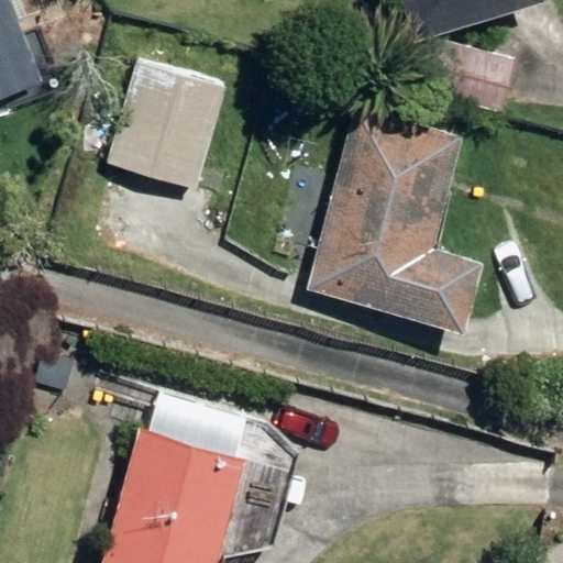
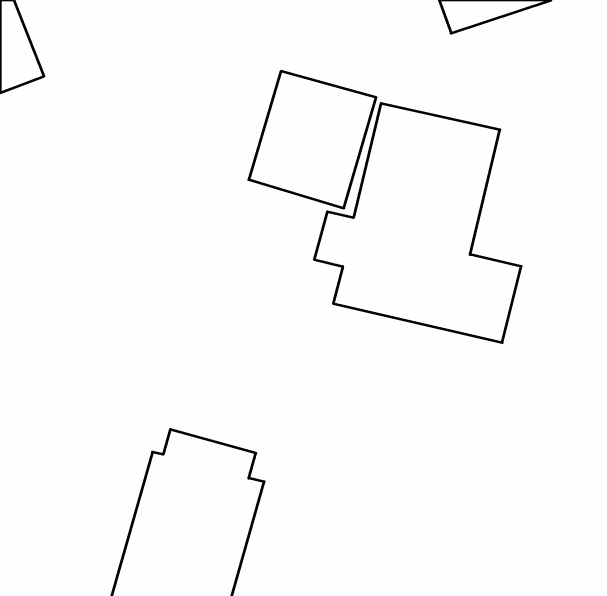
building: [108,64,225,190] -> [249,71,376,208]

